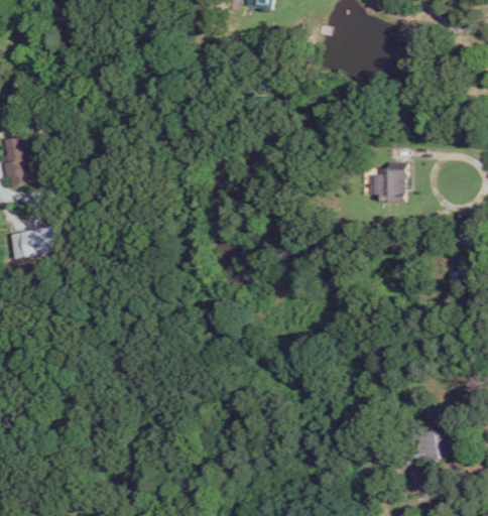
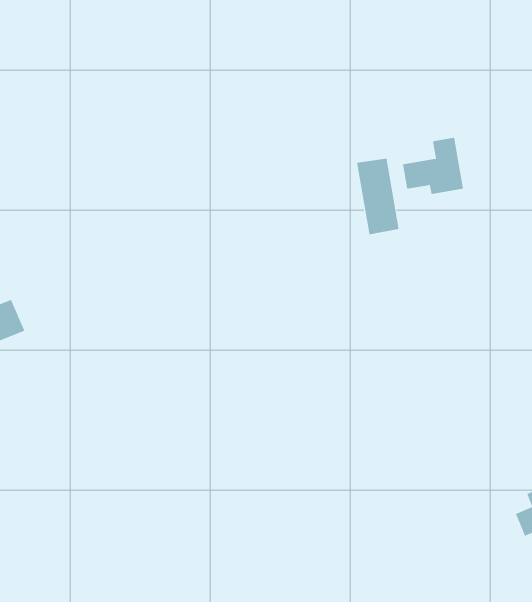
building: none -> [356,158,399,235]

